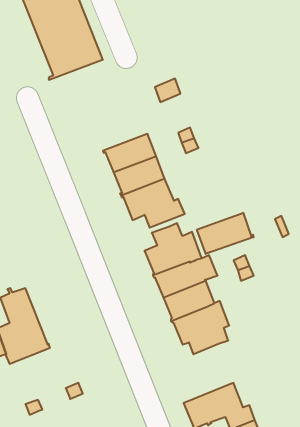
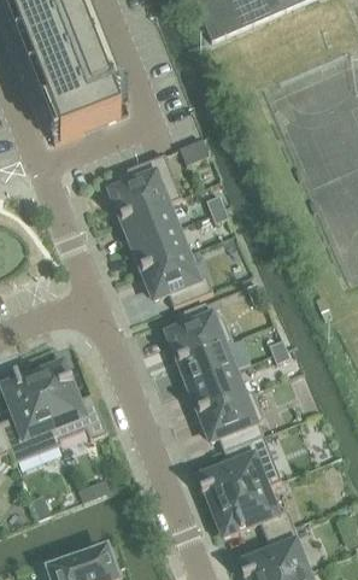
building: none -> [111,154,182,221]
building: [197,213,254,254] -> none
building: none -> [33,364,107,440]
building: none -> [199,435,281,506]

